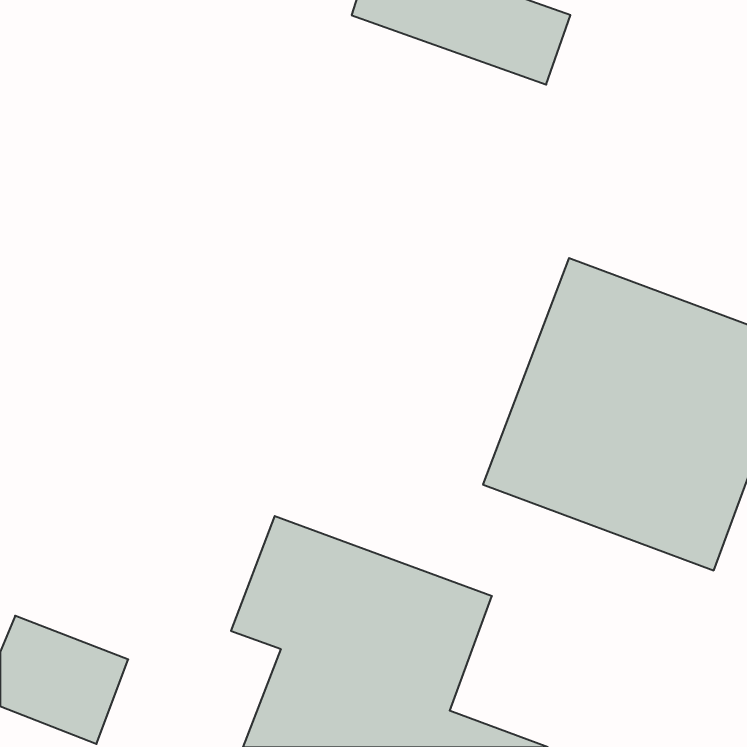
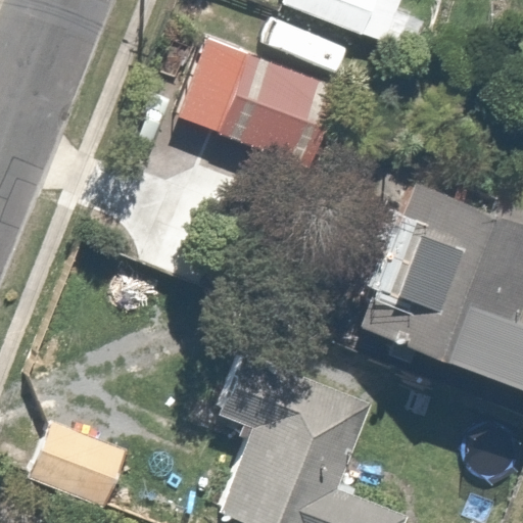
building: none -> [183,54,323,185]

